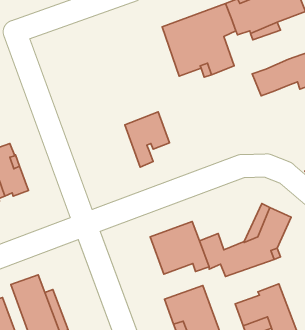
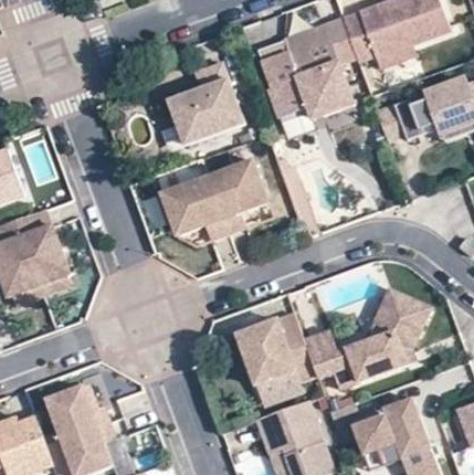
building: none -> [166,64,242,146]
building: none -> [156,182,223,245]
building: none -> [255,371,304,410]

